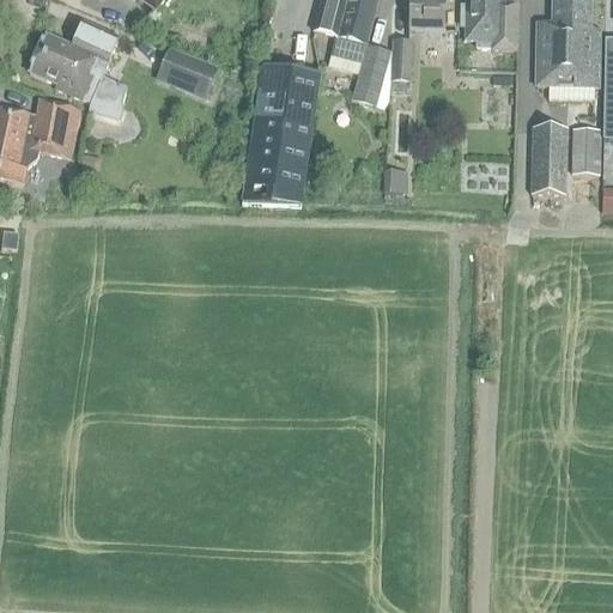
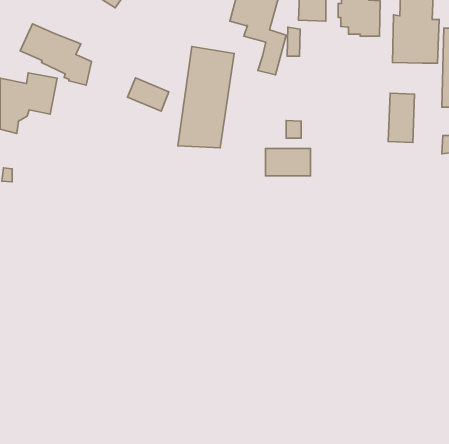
building: [75,24,120,60] -> none
building: [160,50,217,96] -> [128,78,169,111]
building: [571,128,600,175] -> none
building: none -> [266,149,310,176]

